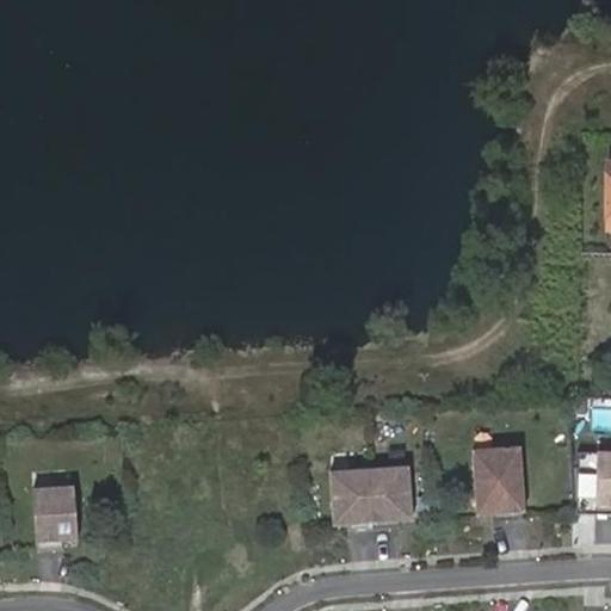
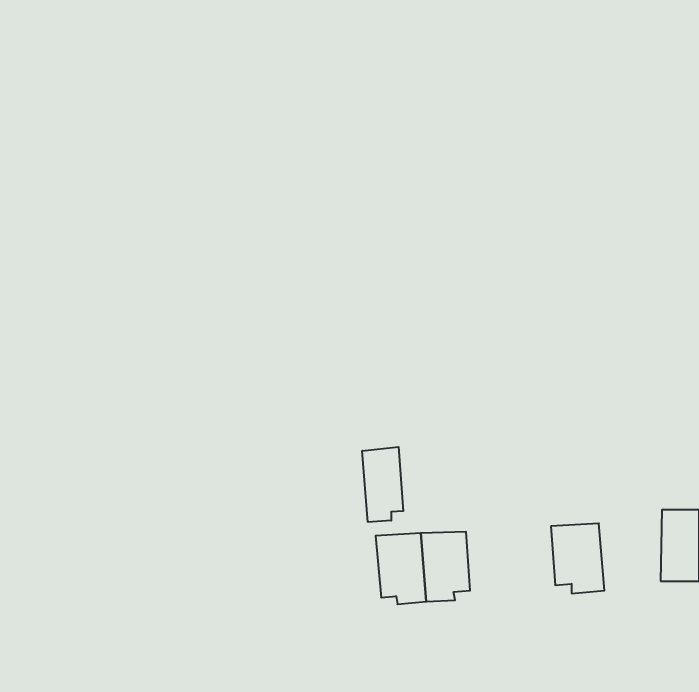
building: none -> [362,447,403,522]
building: [47,481,90,543] -> none

